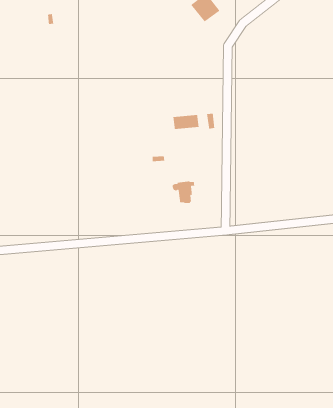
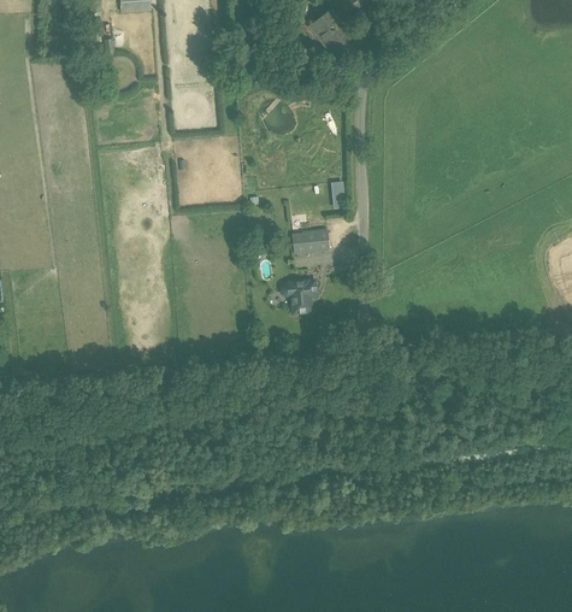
building: [173,114,199,130] -> [291,229,330,252]

